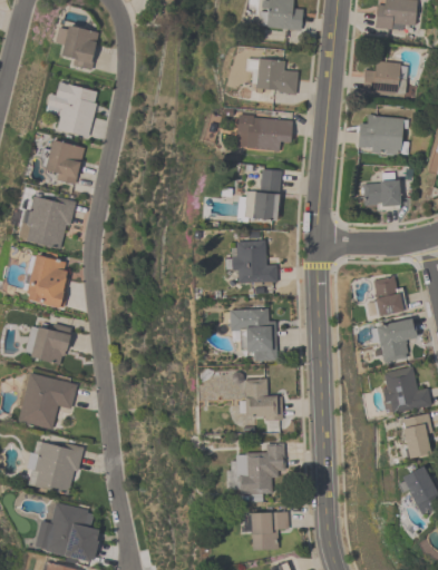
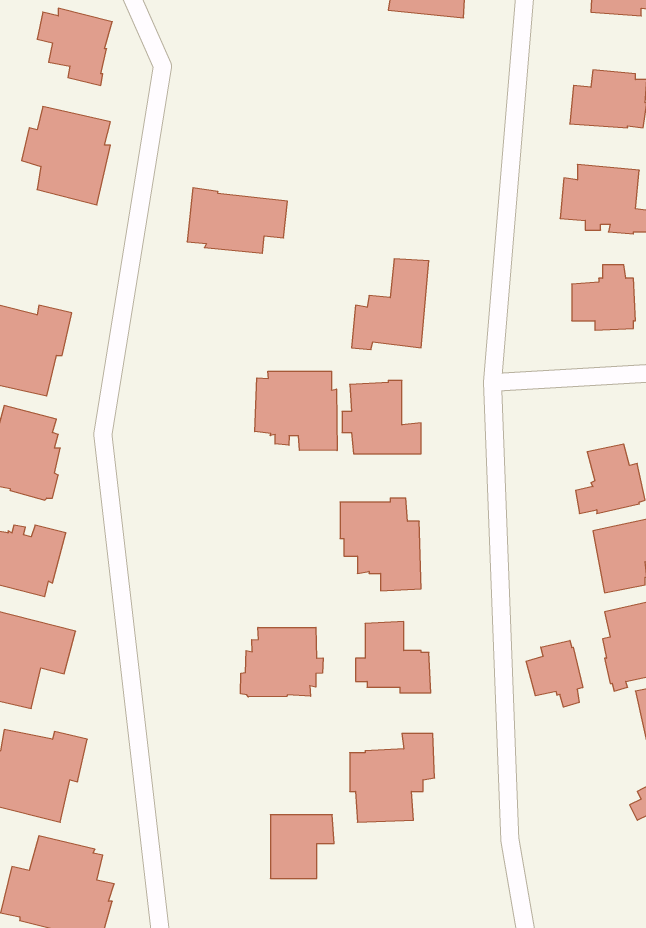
building: [255,58,298,94] -> none
building: [235,114,293,151] -> [187,188,287,253]
building: [45,139,84,184] -> none
building: none -> [255,371,337,451]
building: none -> [241,627,323,697]
building: none -> [526,640,583,707]
building: [251,512,288,549] -> [270,815,334,878]

